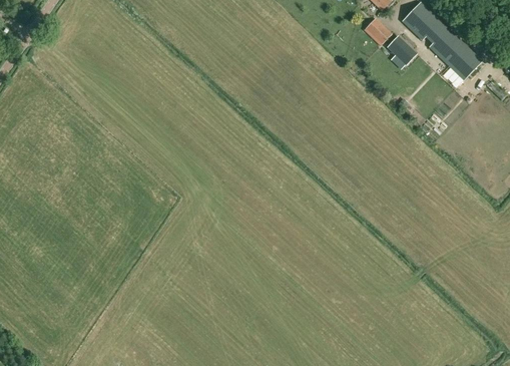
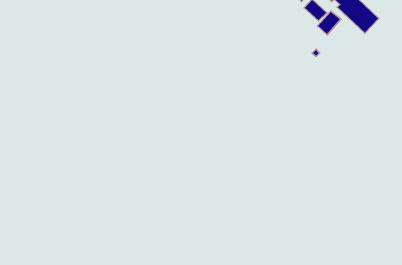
building: none -> [317,11,341,35]

